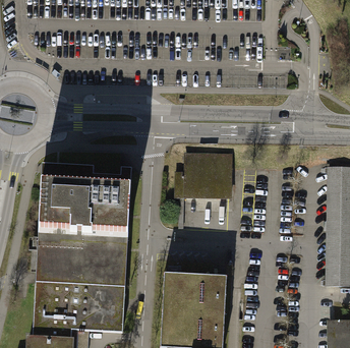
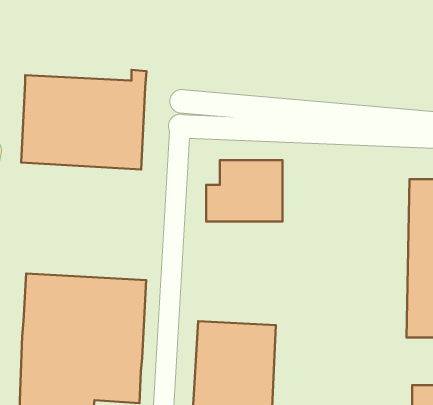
building: [39,168,132,242] -> [21,70,146,169]

